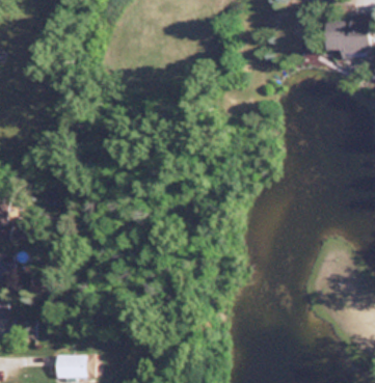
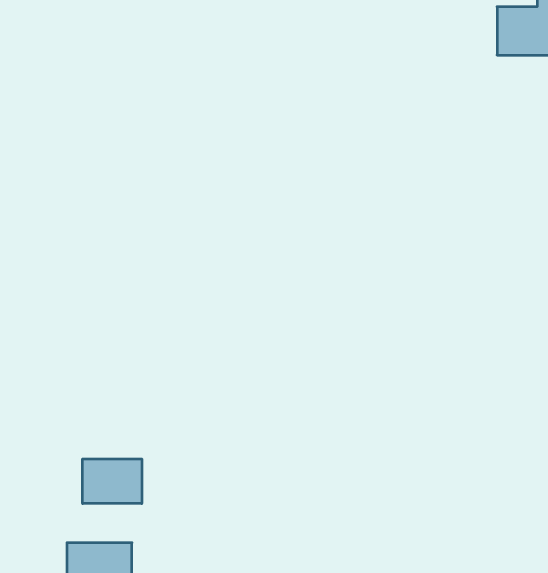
building: none -> [83,459,142,504]

